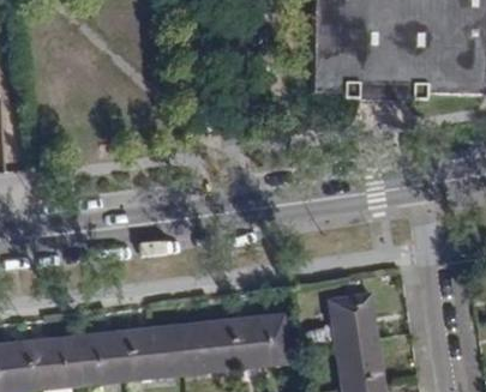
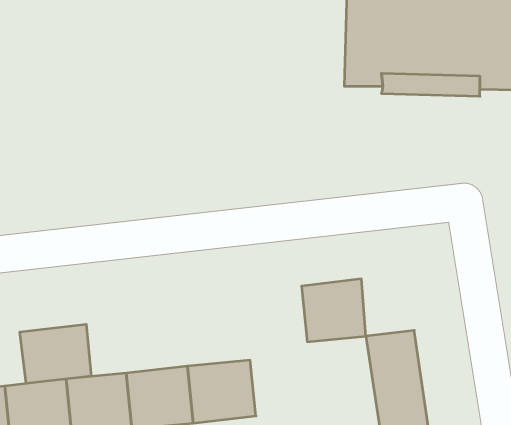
building: none -> [20,324,91,383]
building: [232,314,286,367] -> [302,279,366,342]

